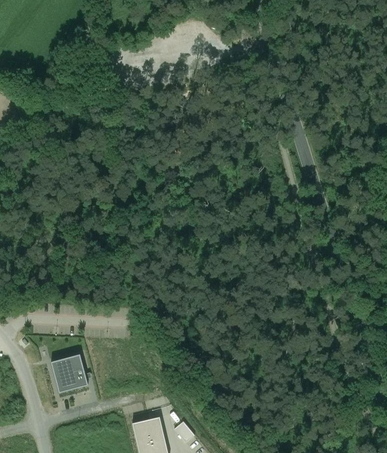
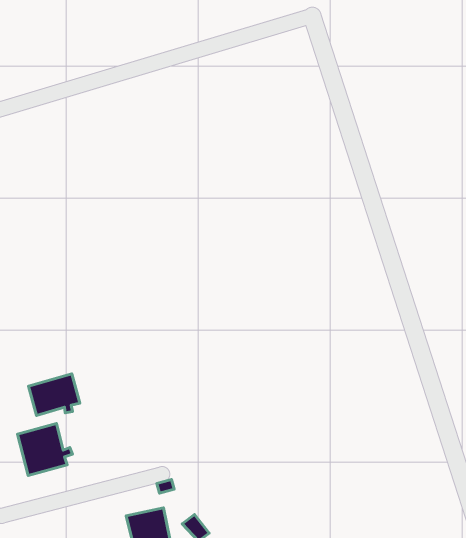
building: none -> [29,374,80,416]

